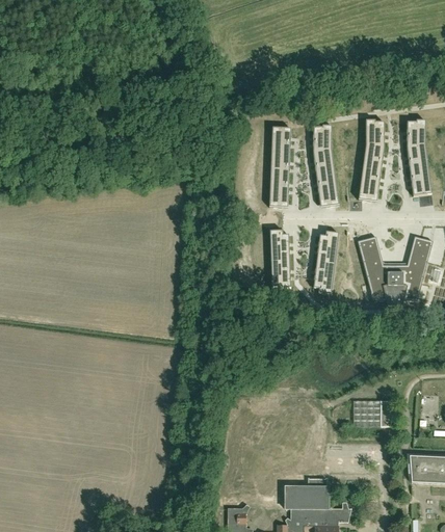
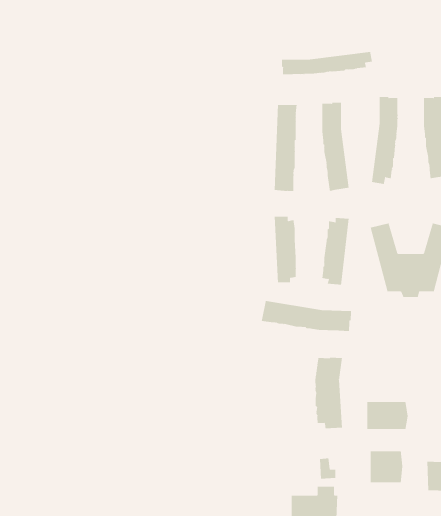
building: none -> [281,51,373,76]
building: none -> [261,300,351,332]
building: none -> [314,357,343,429]
building: none -> [370,450,403,483]

